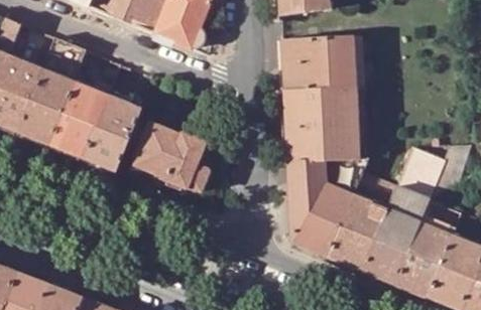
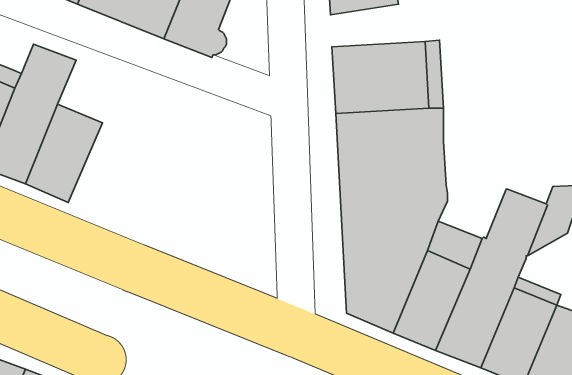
building: [82,99,140,172] -> none
building: [133,124,209,192] -> none

